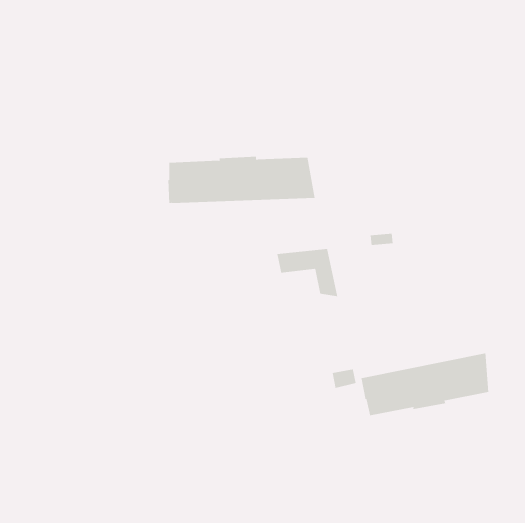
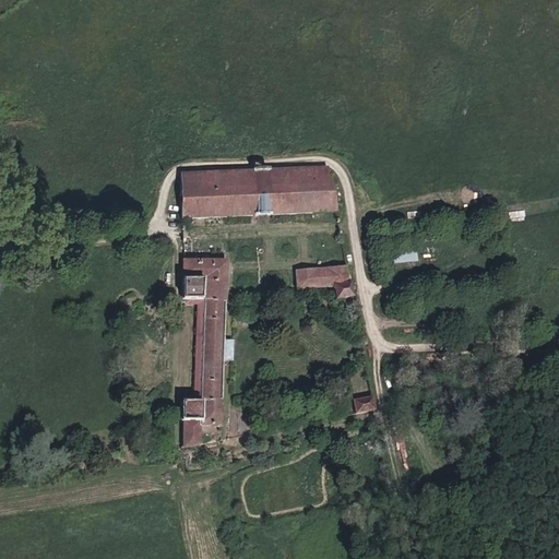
building: none -> [179,259,226,445]
building: [361,353,489,416] -> none

